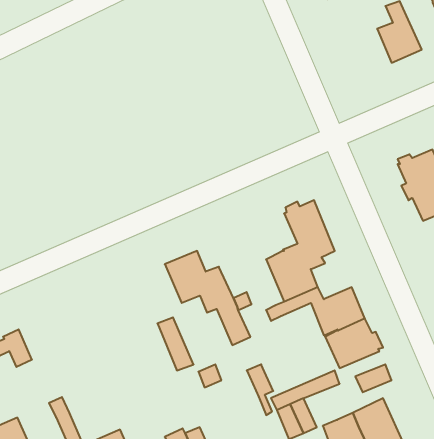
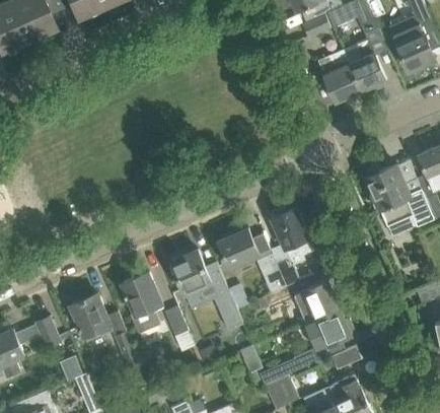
building: none -> [317,50,361,104]
building: none -> [218,229,270,269]
building: none -> [121,272,162,333]
building: none -> [70,294,145,384]

